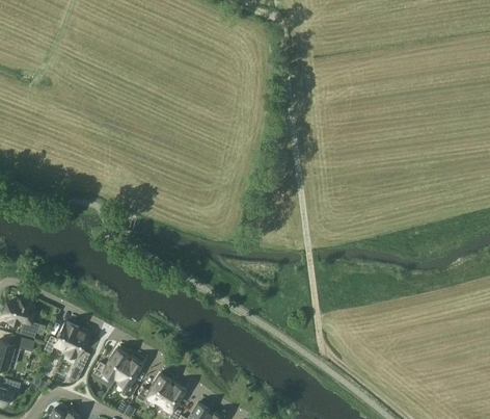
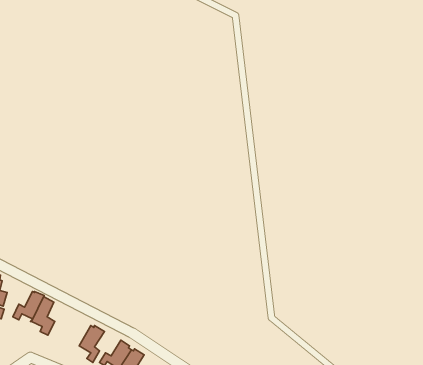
building: [94,348,129,379] -> none

